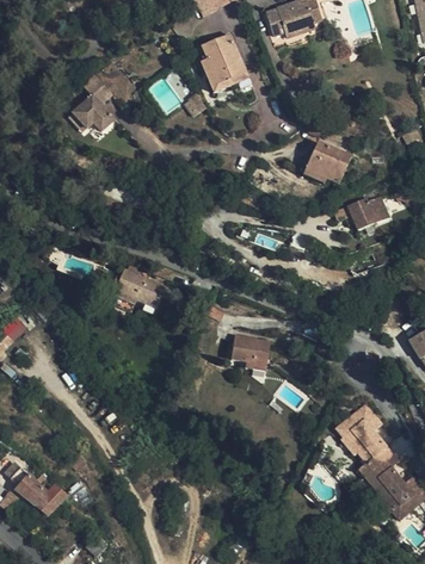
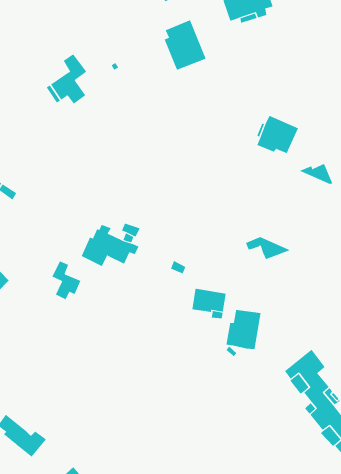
building: [335,203,387,229] -> [245,236,291,260]
building: none -> [52,260,81,300]
building: none -> [226,309,261,350]

